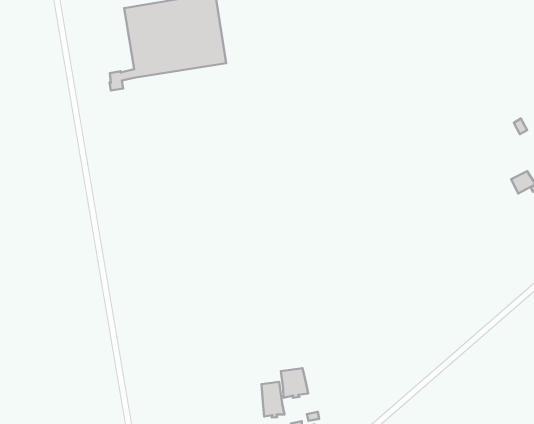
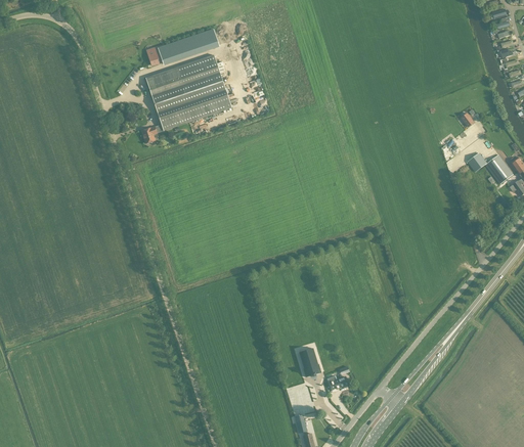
building: [281,368,308,398] -> none

